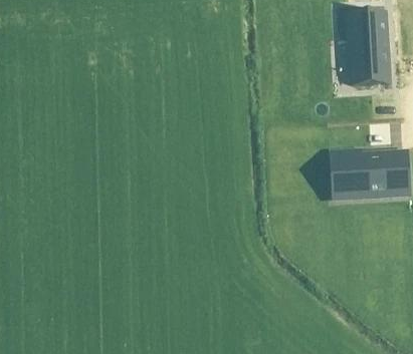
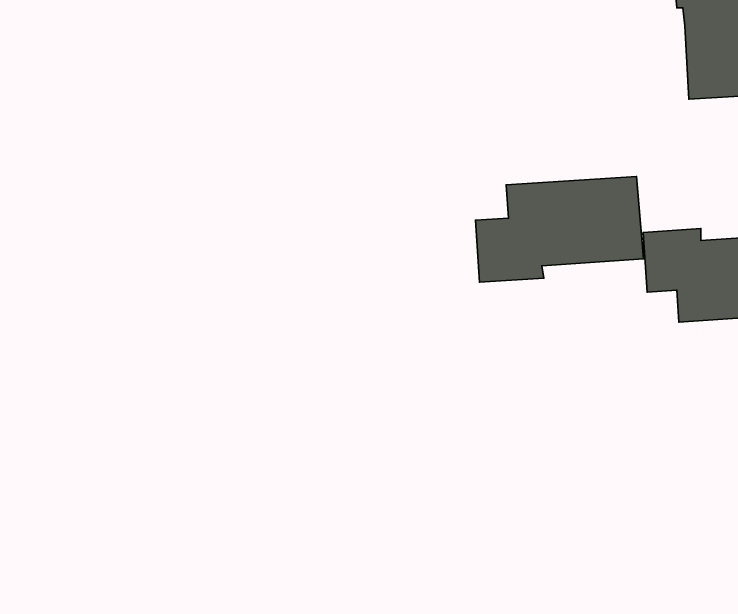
building: none -> [475,176,644,282]

